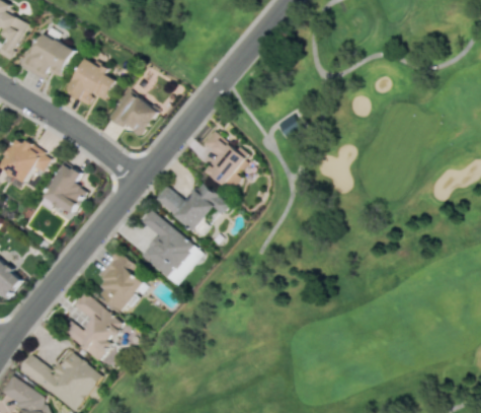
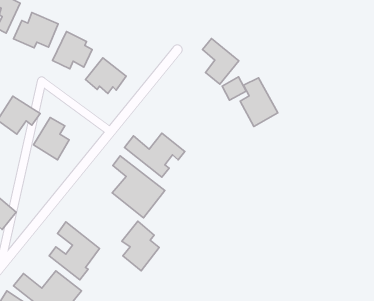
building: none -> [240,78,278,127]
building: [203,130,247,186] -> [202,39,239,84]
building: [98,251,144,312] -> [122,221,159,271]

